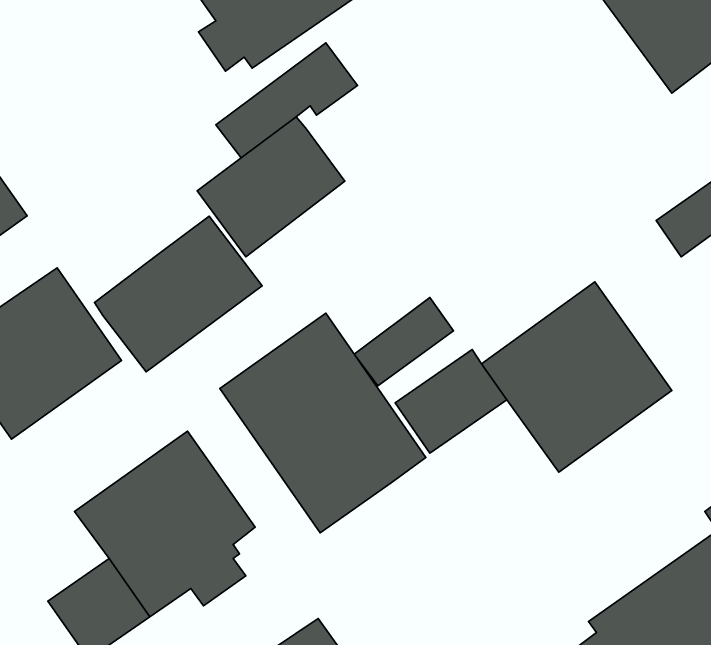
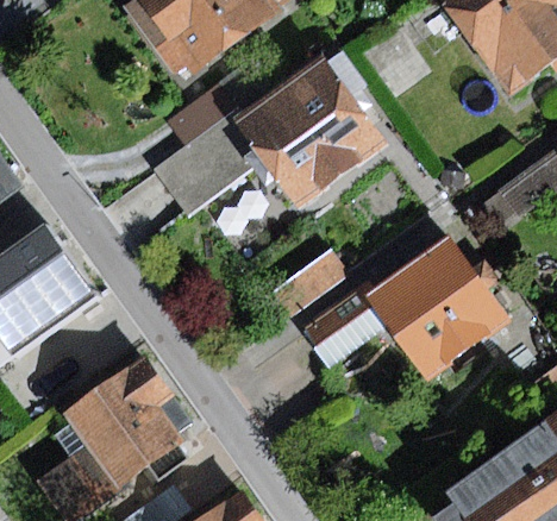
building: none -> [232,51,386,209]
building: [95,216,262,372] -> none
building: [220,313,426,533] -> none

